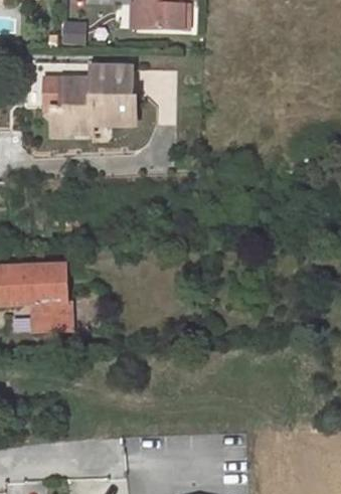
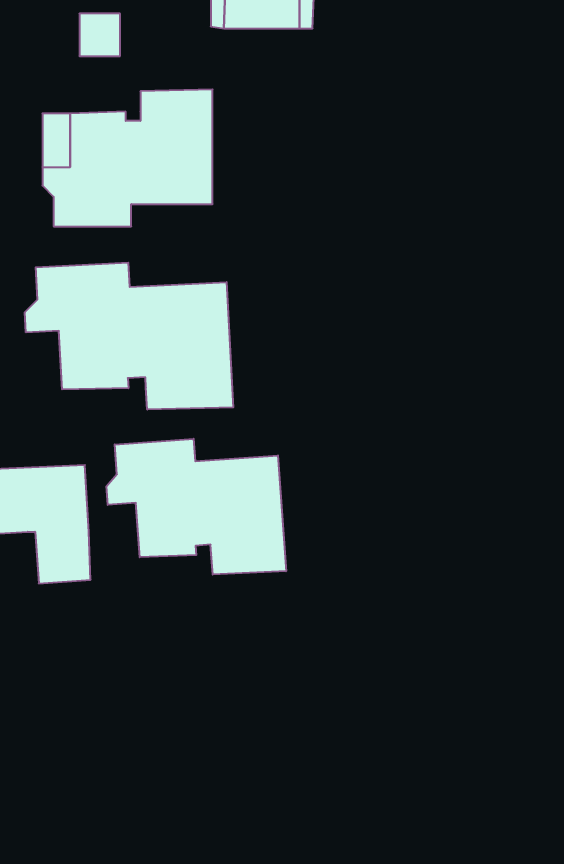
building: none -> [25,263,233,410]
building: none -> [106,439,286,575]

